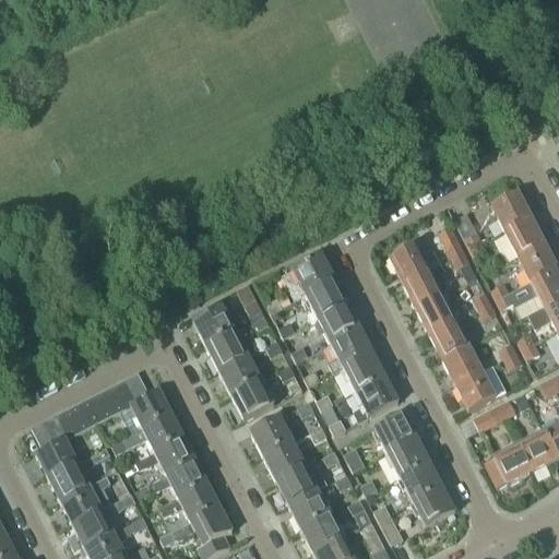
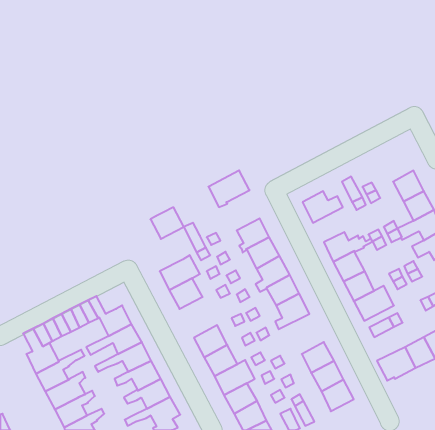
building: [491,193,531,233] -> none
building: [282,254,334,301] -> [208,170,250,207]
building: [402,265,451,310] -> none
building: [193,307,236,347] -> [150,207,184,239]
building: [231,380,274,420] -> none
building: [374,413,416,453] -> none

